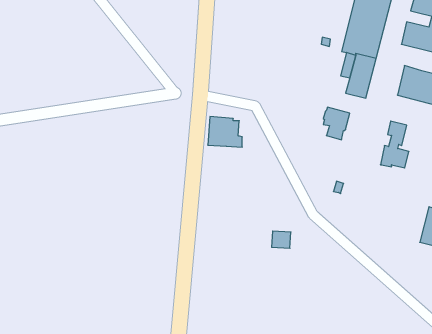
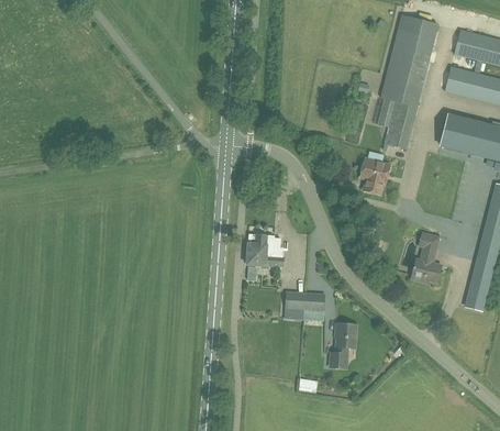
building: [208,117,242,147] -> [245,234,282,267]
building: [380,121,409,168] -> [410,232,441,283]
building: none -> [284,290,304,319]
building: none -> [330,323,355,367]

